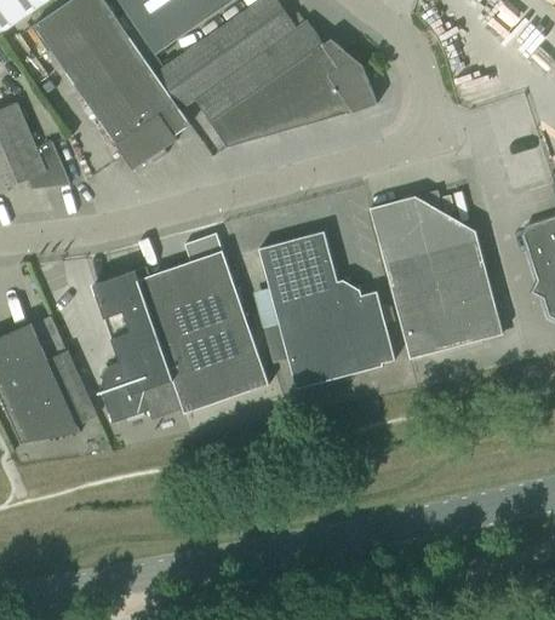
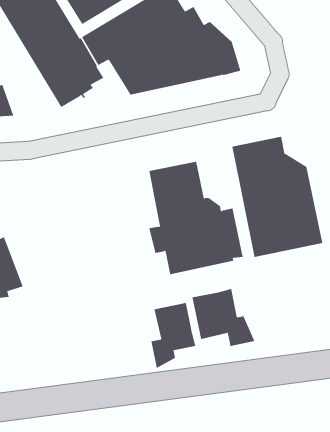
building: [92,232,268,423] -> none
building: none -> [192,288,255,347]
building: none -> [151,302,196,369]

